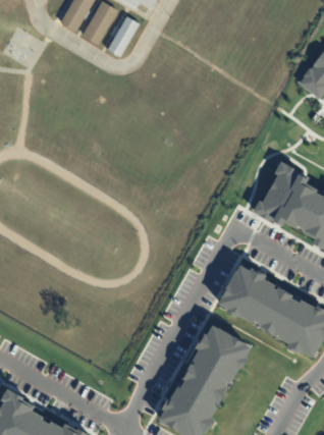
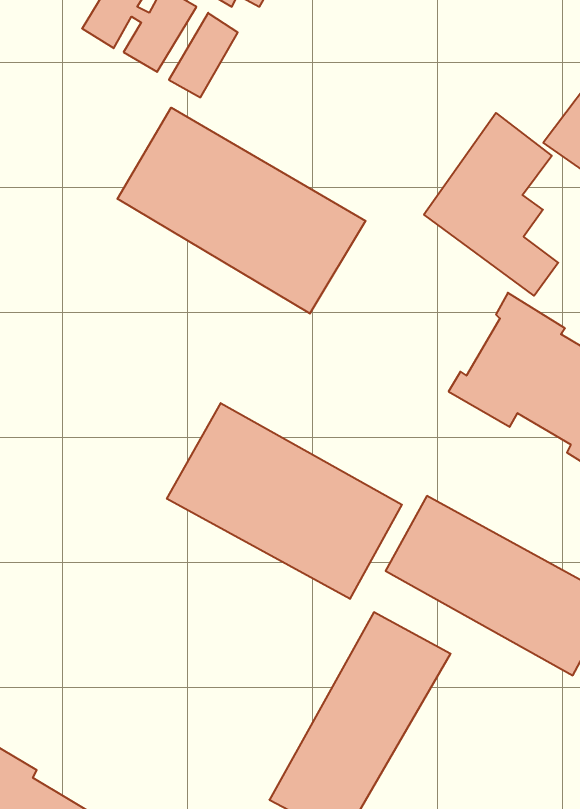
building: none -> [117,108,366,314]
building: none -> [424,113,558,296]
building: none -> [167,403,402,599]

